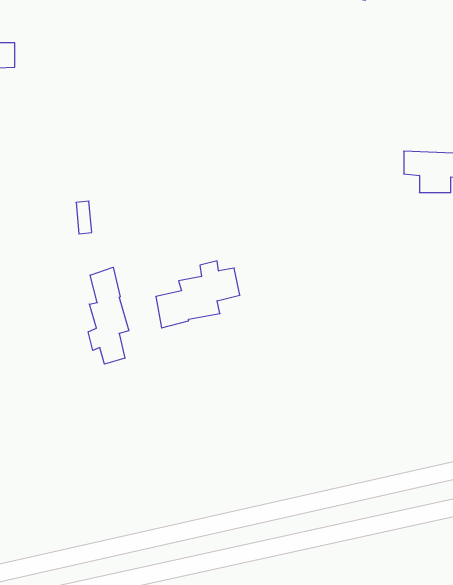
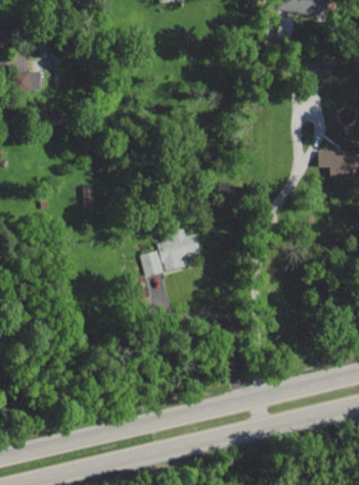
building: [88,267,129,364] -> none

